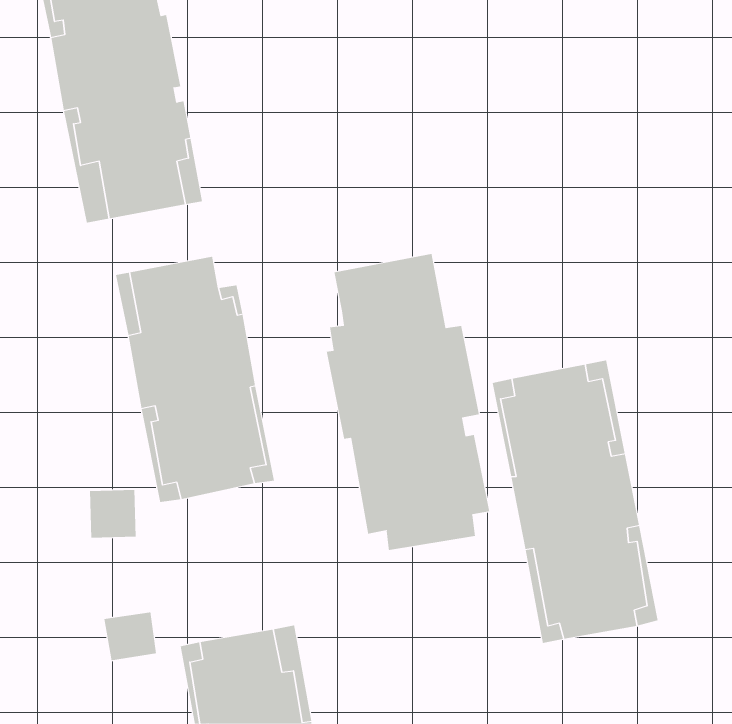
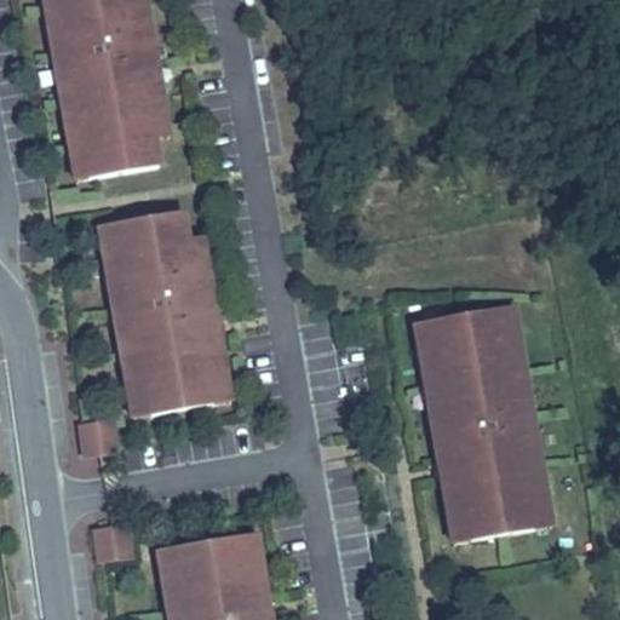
building: [326,253,490,551] -> none

